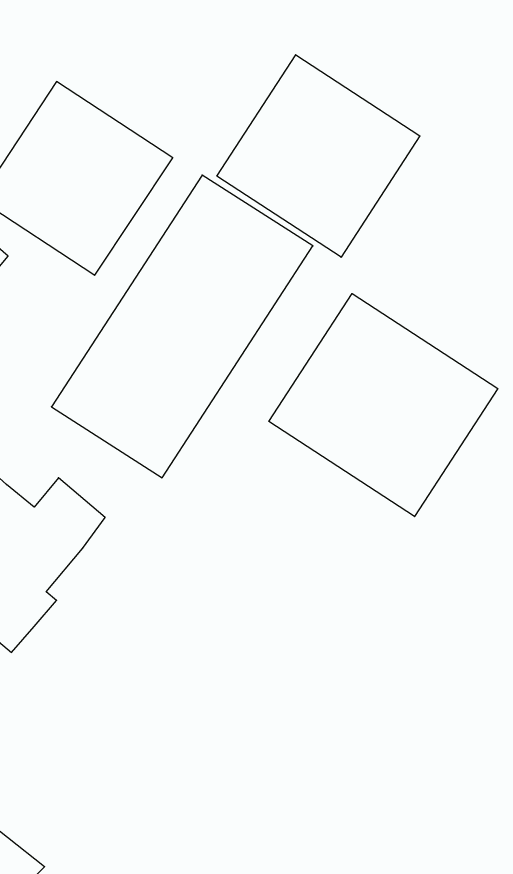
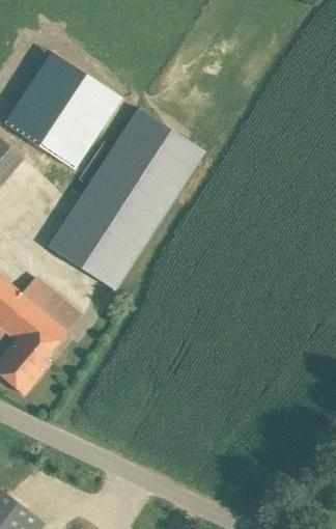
building: [217,55,420,257] -> none
building: [269,294,498,517] -> none

